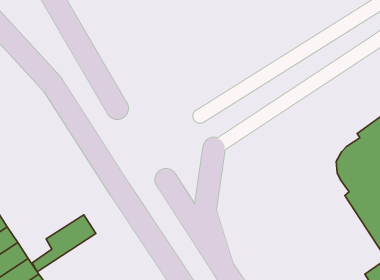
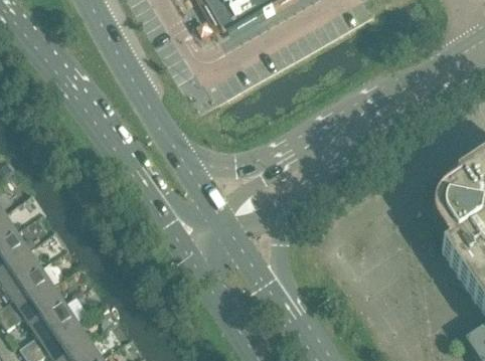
building: [32,215,96,272] -> none

